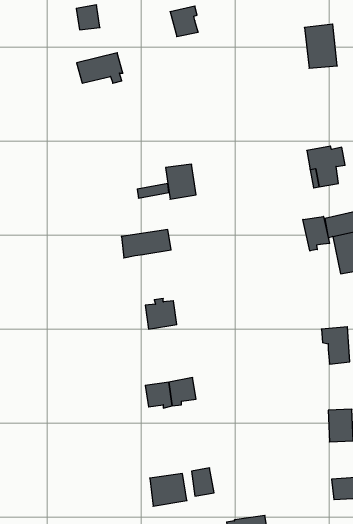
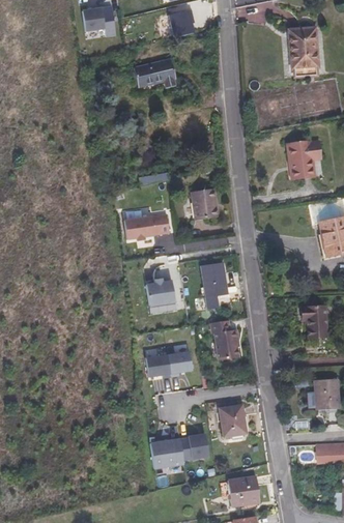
building: [77,53,123,83] -> [133,59,175,87]
building: [166,164,196,199] -> [190,188,218,221]
building: [303,216,330,251] -> none
building: none -> [200,262,228,297]
building: none -> [209,319,238,360]
building: none -> [220,405,246,436]

